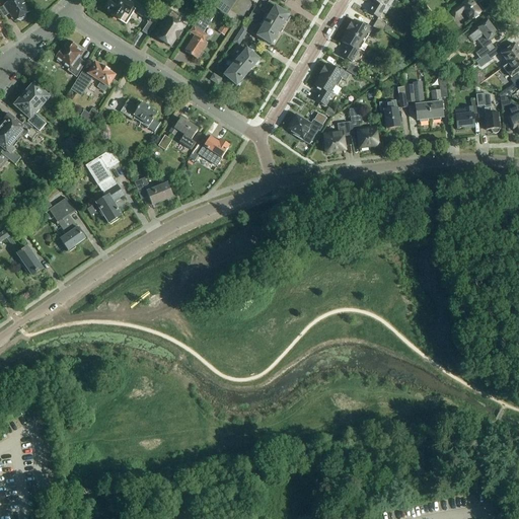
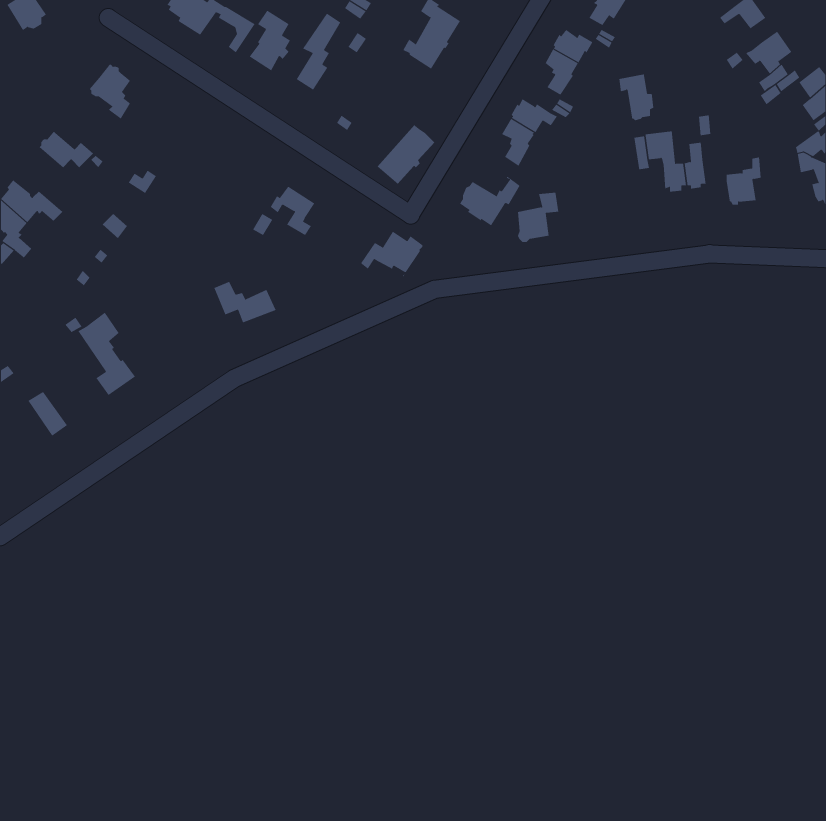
building: [223,47,260,84] -> [377,125,435,184]
building: [77,61,115,89] -> none
building: [15,92,45,129] -> none
building: [476,93,499,132] -> none
building: [121,98,160,130] -> none
building: [379,98,401,128] -> [619,74,654,121]
building: [351,115,379,146] -> none
building: [190,135,229,164] -> [360,231,423,278]
building: [86,151,124,221] -> none

